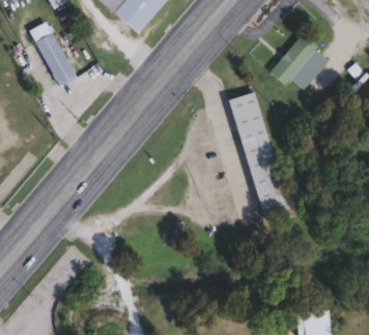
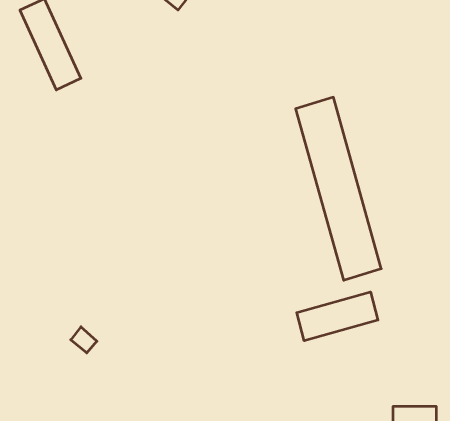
building: [269,36,330,90] -> none
building: none -> [297,292,378,341]

